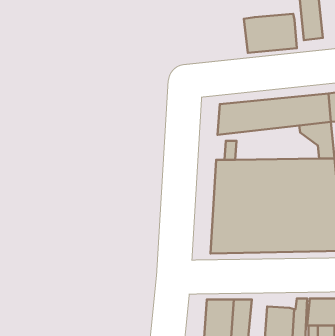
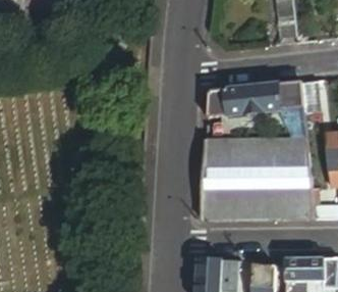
building: [244,14,297,53] -> none

